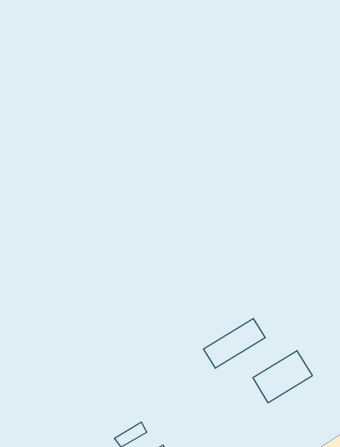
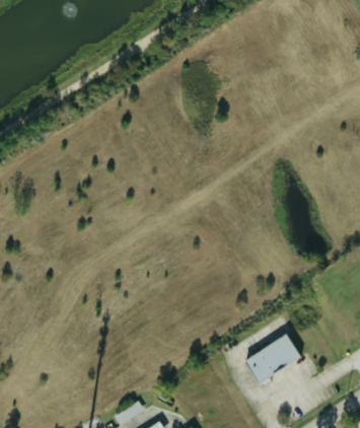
building: [204,318,265,368] -> none

